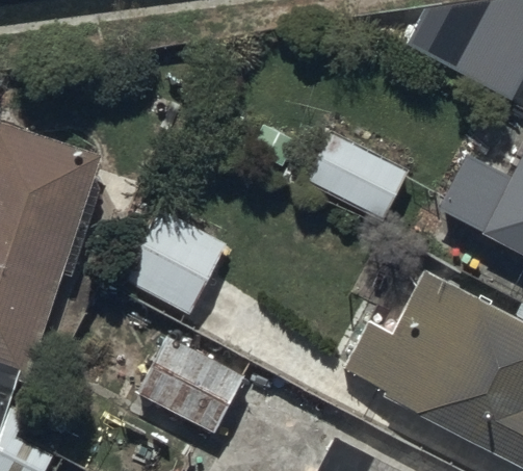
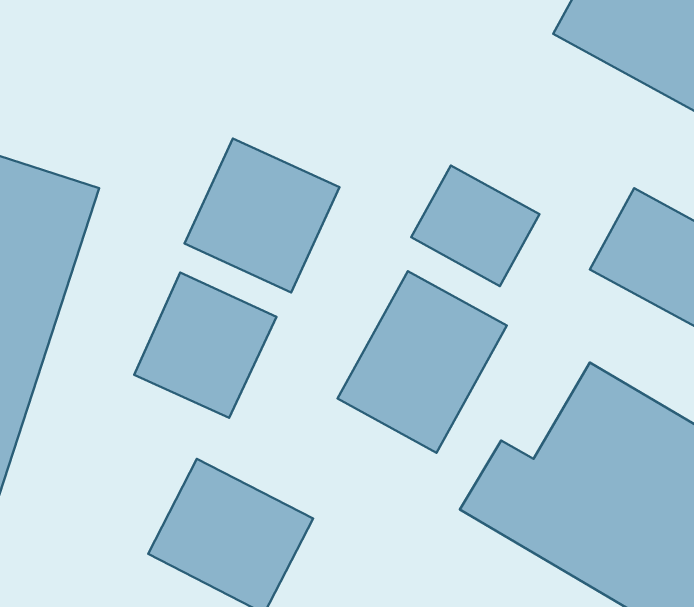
building: none -> [184,138,340,293]
building: none -> [338,271,507,453]

